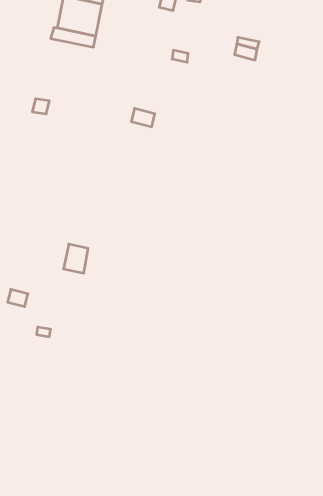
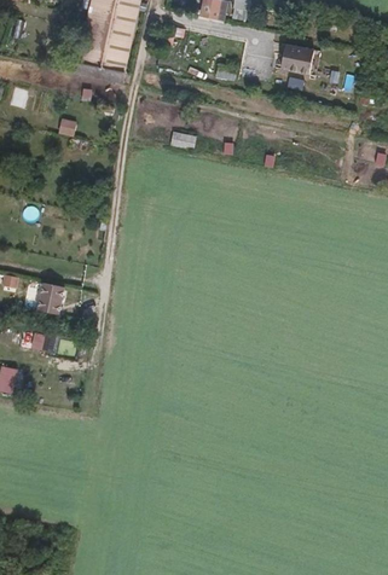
building: [63,244,88,273] -> [35,283,63,315]

